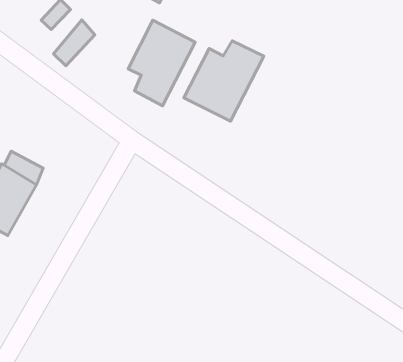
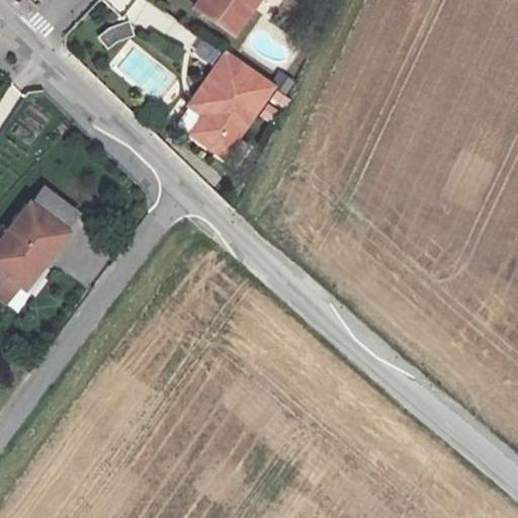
building: [54,20,95,66] -> none
building: [184,41,264,121] -> none

